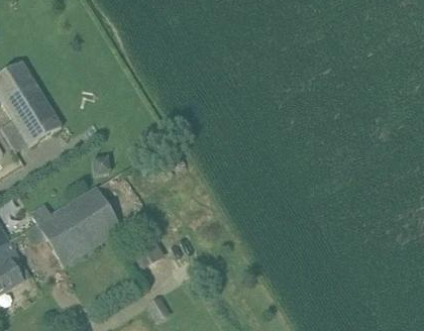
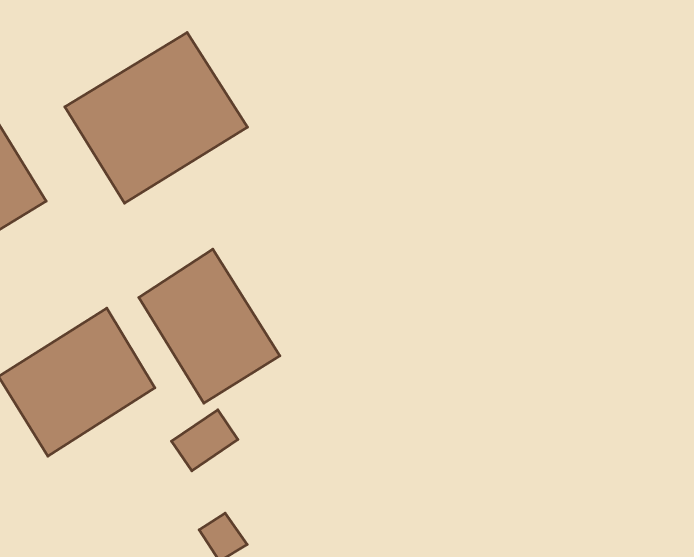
building: none -> [65,33,248,203]
building: none -> [139,249,280,403]

